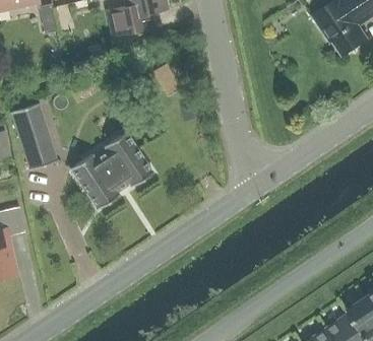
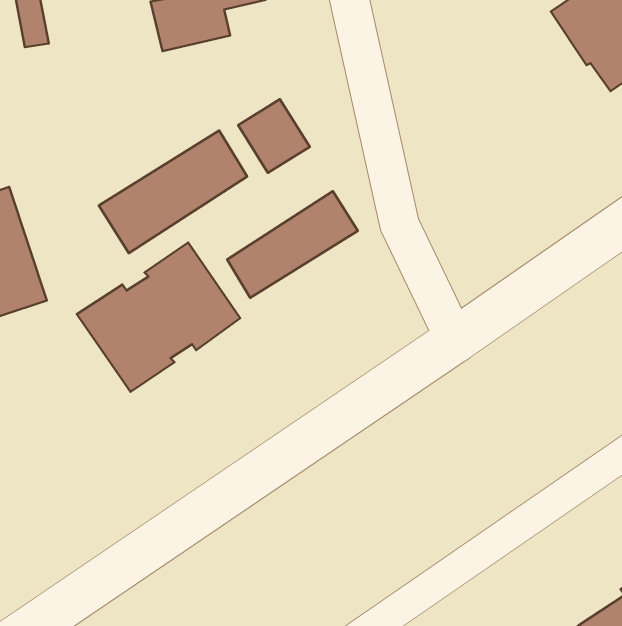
building: none -> [99,130,247,253]
building: none -> [227,191,358,298]

